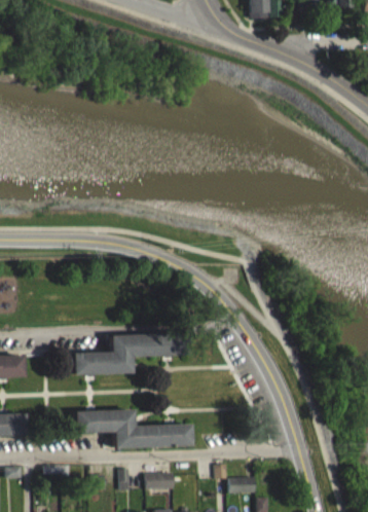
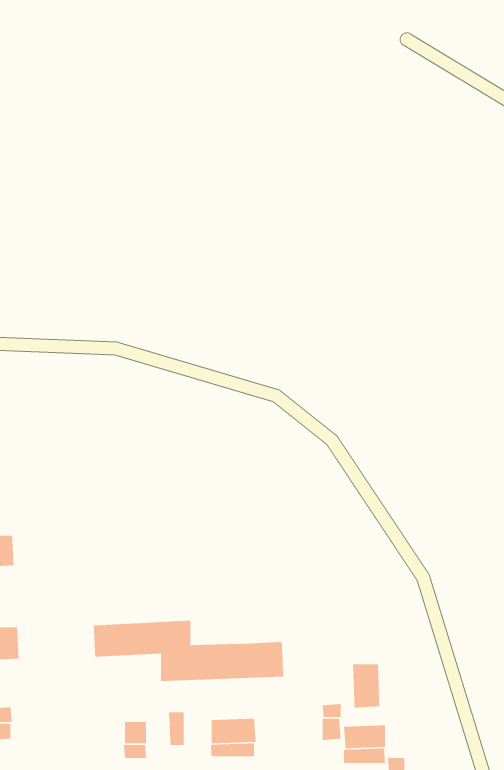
building: [72,332,188,375] -> none
building: none -> [352,664,380,709]

